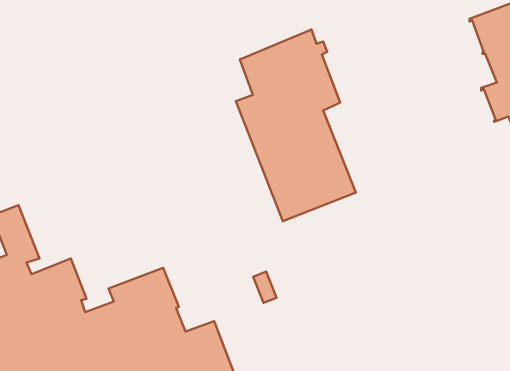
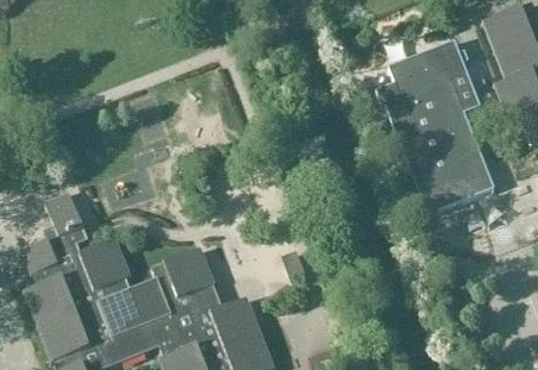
building: [236,30,356,221] -> [384,40,494,215]

